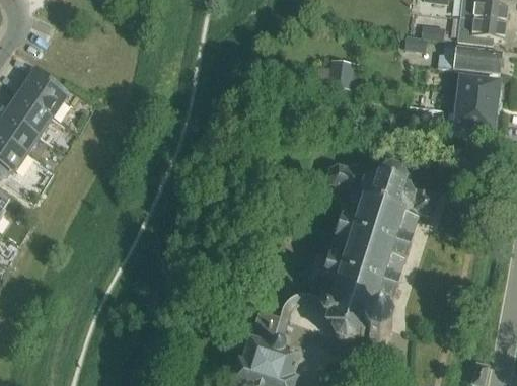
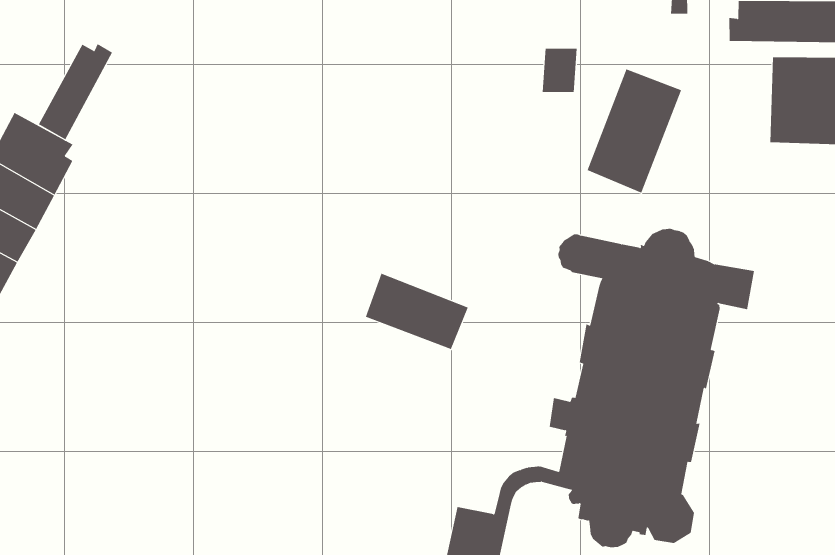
building: none -> [38,43,113,140]
building: none -> [587,69,682,194]
building: none -> [365,273,469,350]

